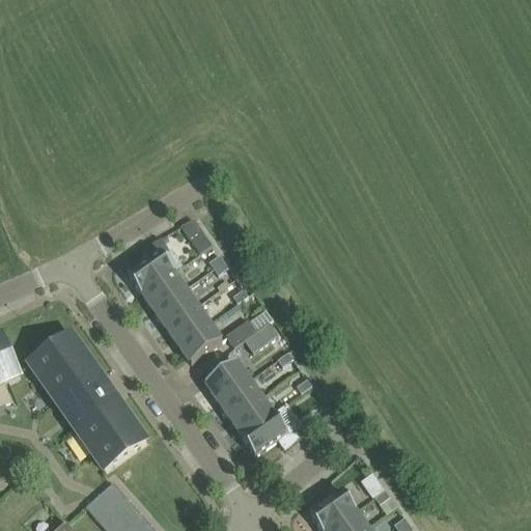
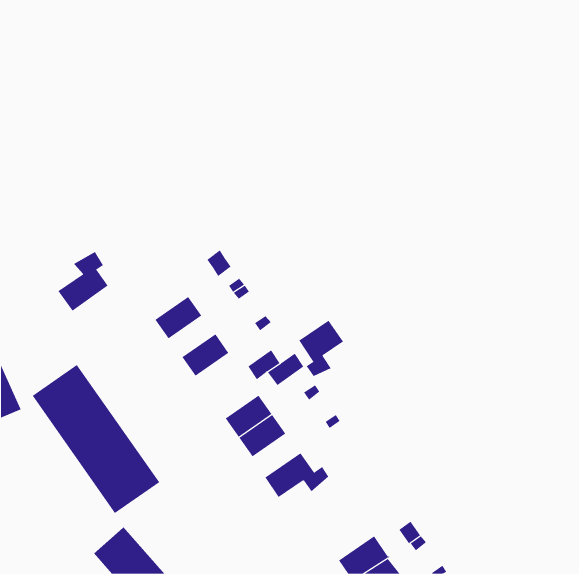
building: [128,237,174,292] -> [57,251,108,312]
building: [155,288,198,327] -> none
building: none -> [298,320,344,377]
building: [179,323,223,363] -> none
building: [231,396,275,436] -> none

